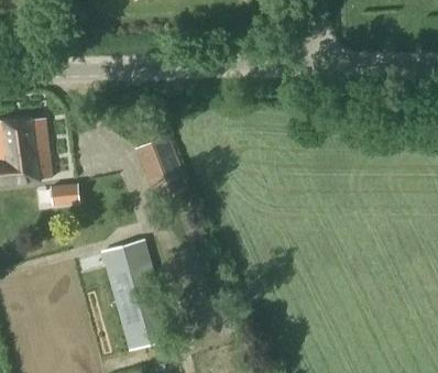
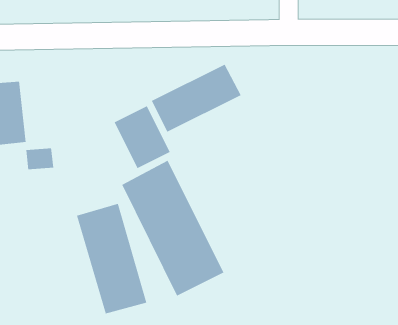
building: none -> [151,64,241,133]
building: none -> [121,160,224,296]

